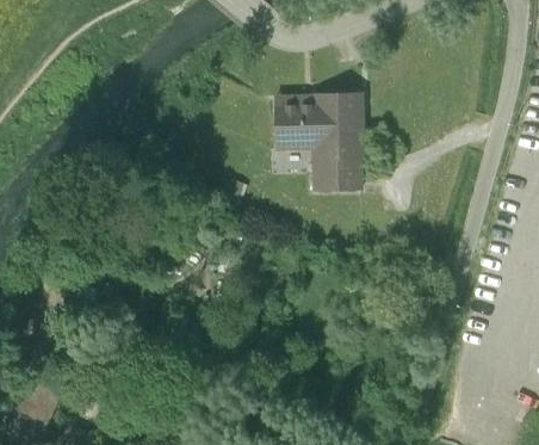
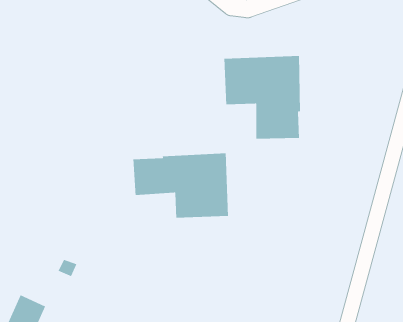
building: none -> [133,152,229,218]

